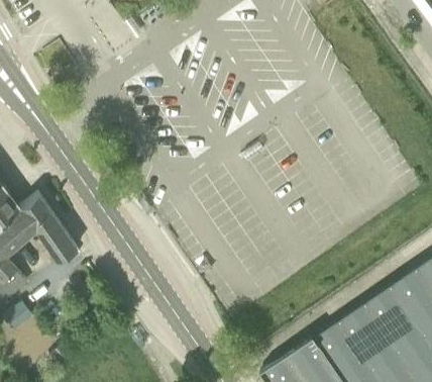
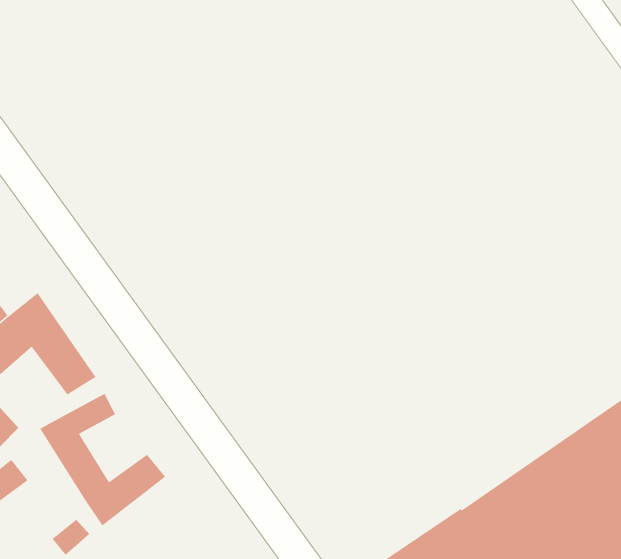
building: none -> [39,393,166,526]

